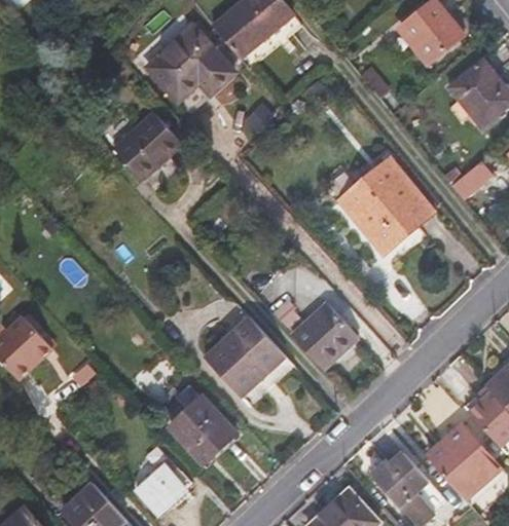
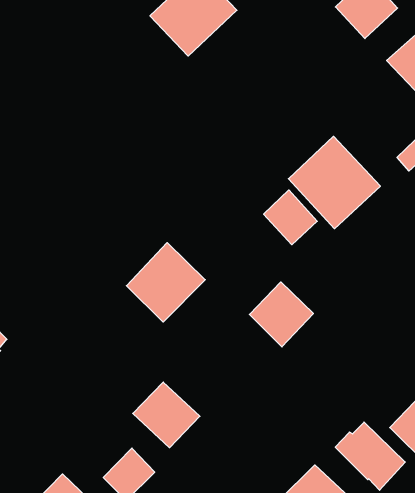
building: [147,26,234,113] -> none
building: [113,113,182,180] -> none
building: none -> [264,190,317,245]
building: [205,316,285,397] -> [126,243,205,322]

